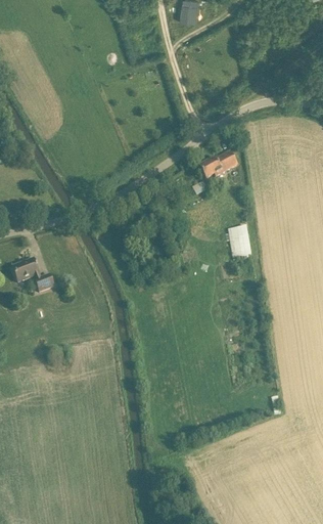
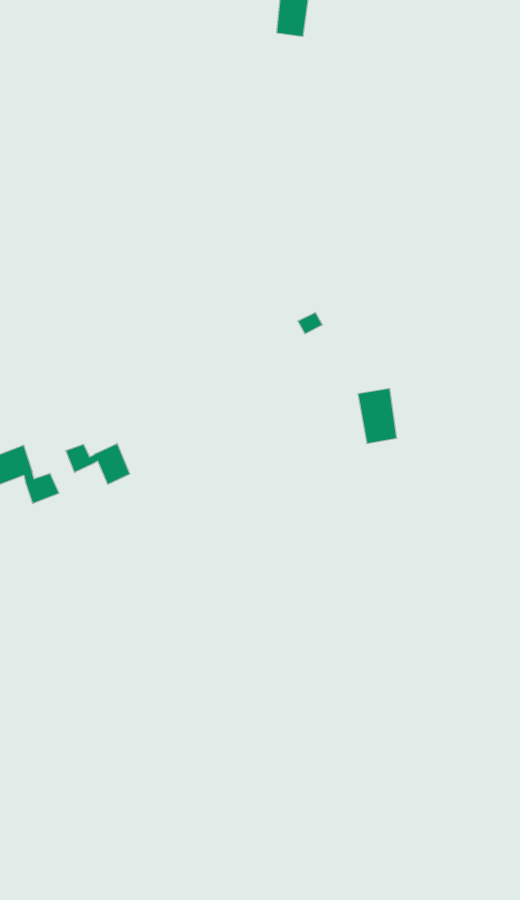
building: [197,150,236,178] -> none
building: none -> [66,443,130,484]

